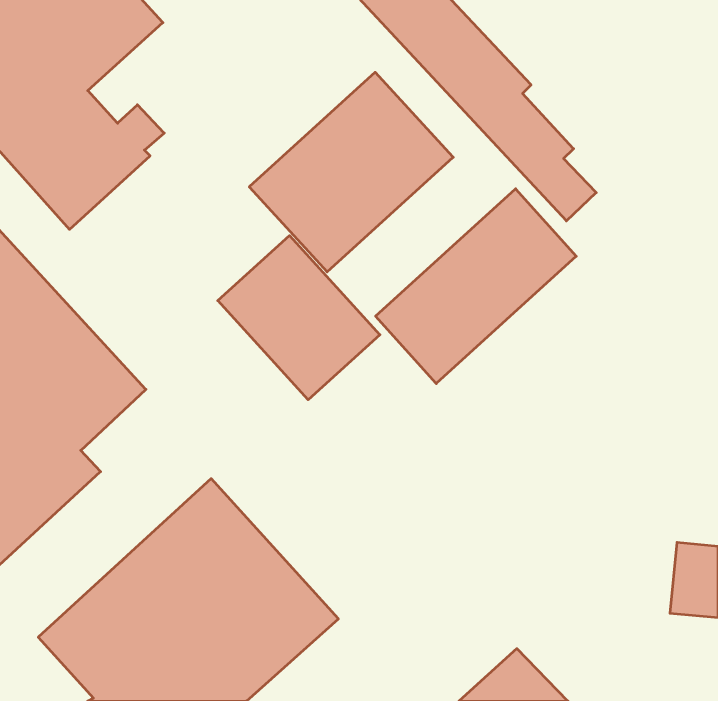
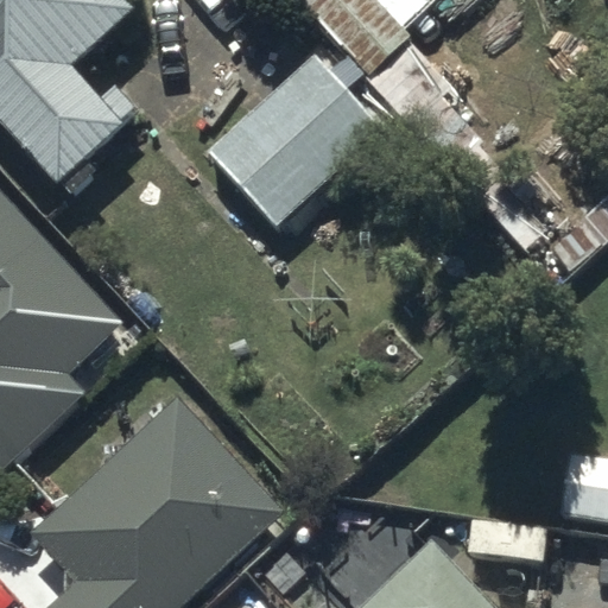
building: [376,189,576,384] -> none
building: [218,236,380,400] -> none

